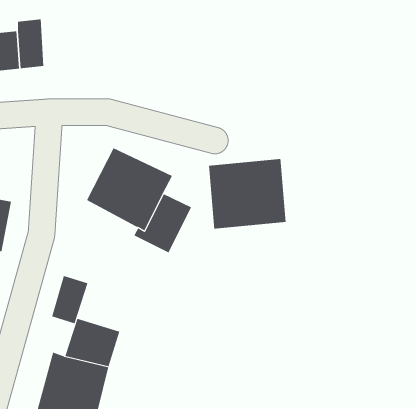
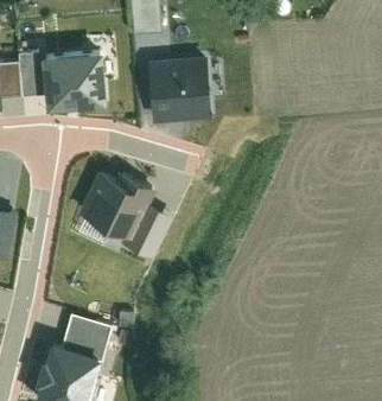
building: none -> [44,51,104,101]
building: [208,159,287,229] -> [148,61,217,122]
building: [51,275,88,324] -> none

